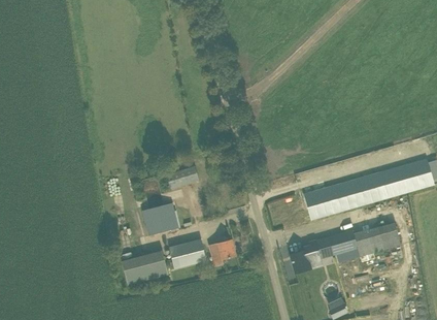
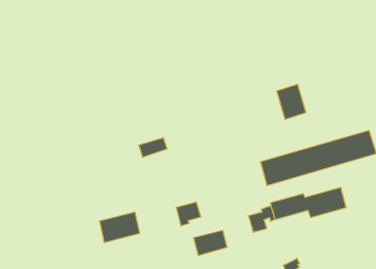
building: none -> [277,84,306,119]
building: [141,203,178,236] -> none
building: [168,241,206,268] -> [193,231,227,255]

